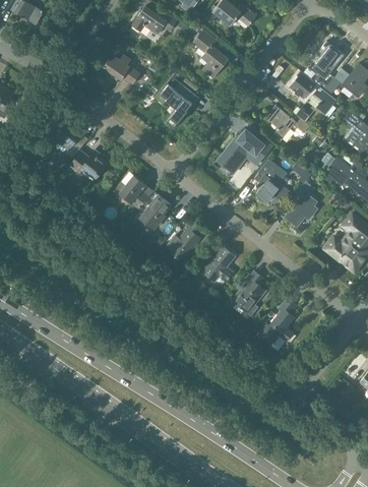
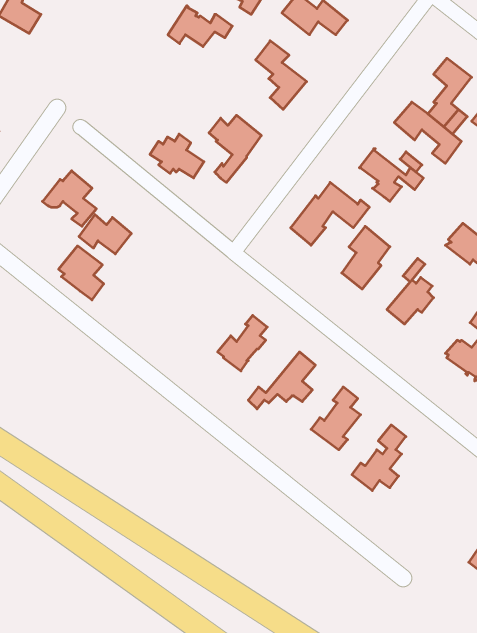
building: [102,55,139,85] -> [150,134,204,178]
building: [116,172,147,209] -> [59,246,104,300]
building: [142,194,171,226] -> none

